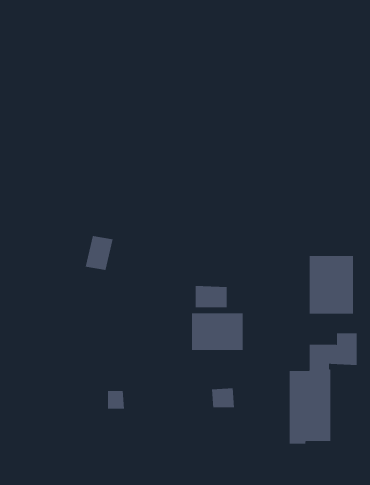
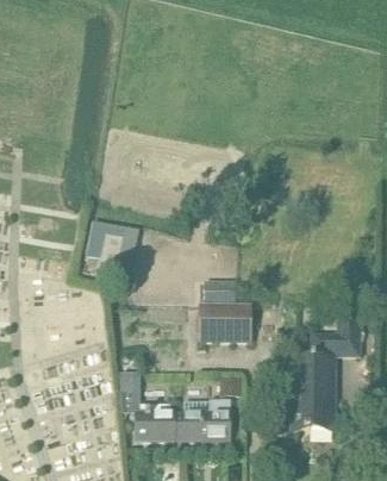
building: [309,255,353,314] -> none
building: none -> [135,400,230,444]

